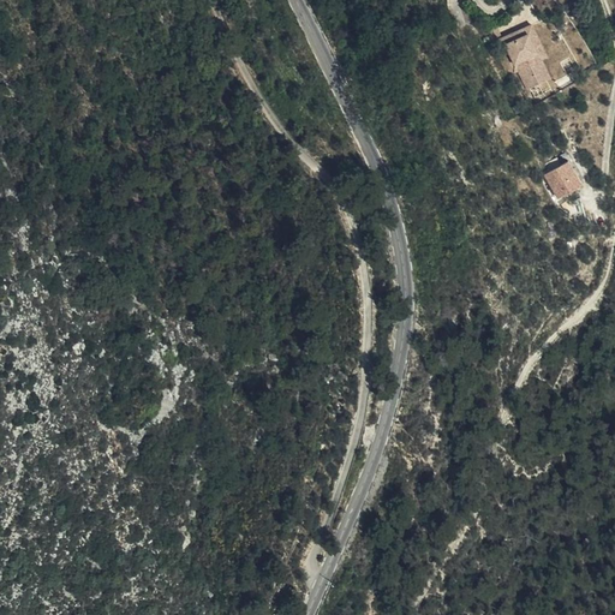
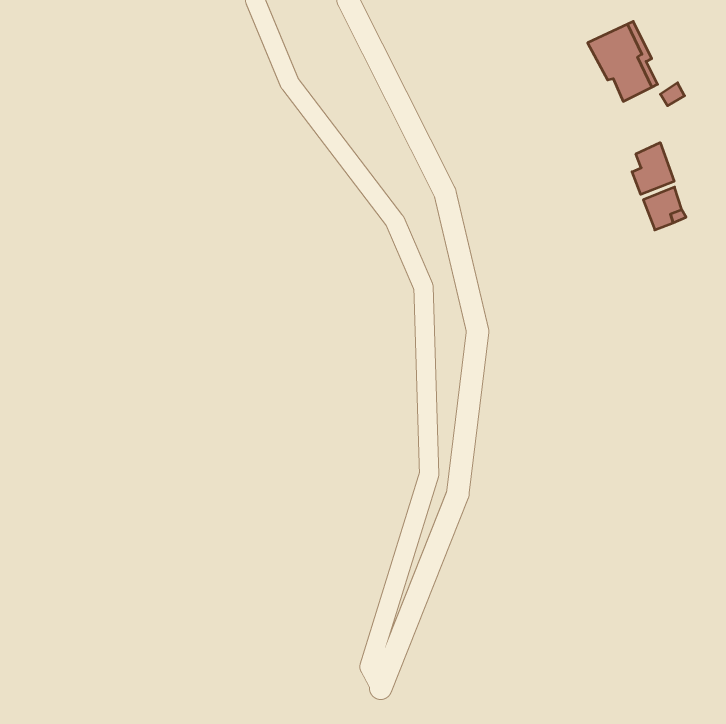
building: none -> [632,143,674,194]

